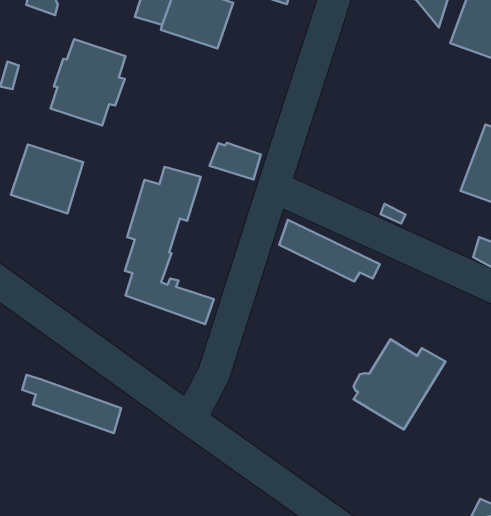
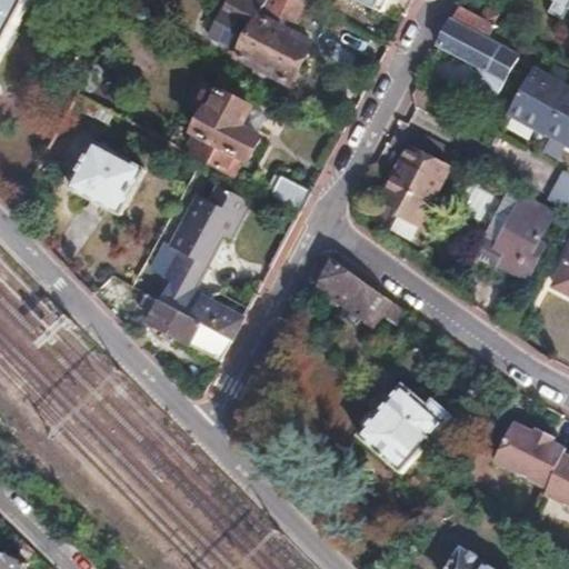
building: [51,39,126,126] -> [184,88,263,173]
building: none -> [379,144,447,224]
building: [22,375,121,433] -> [140,291,230,360]

